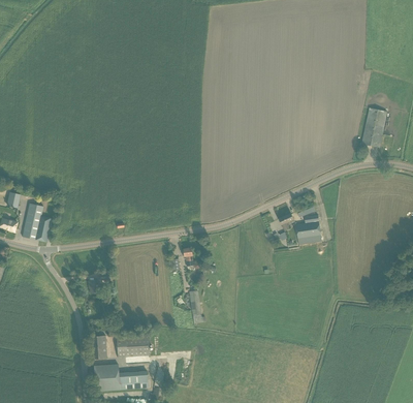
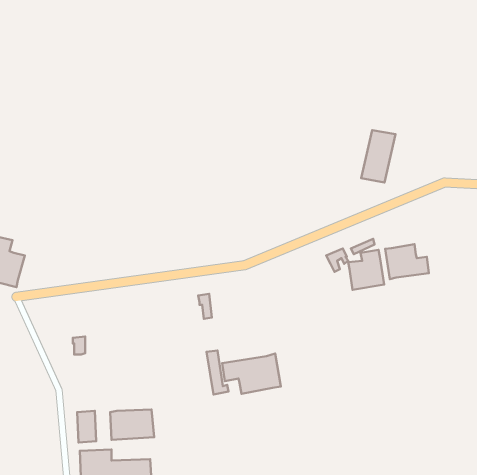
building: [360,106,386,146] -> [361,130,396,182]
building: none -> [385,244,429,279]
building: none -> [222,354,281,394]

